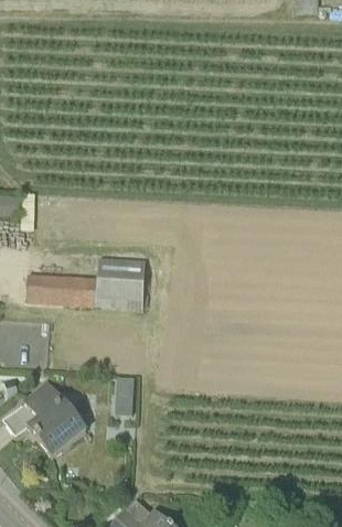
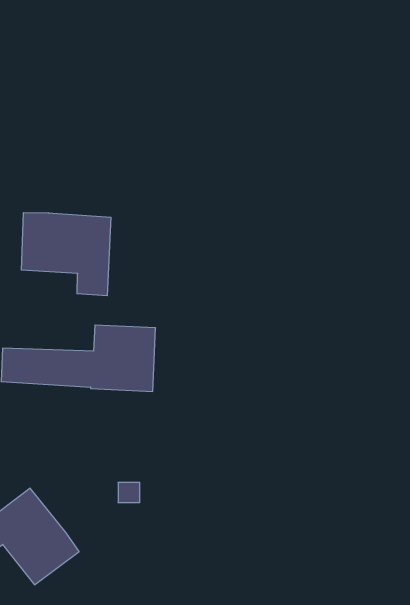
building: none -> [22,213,111,296]

